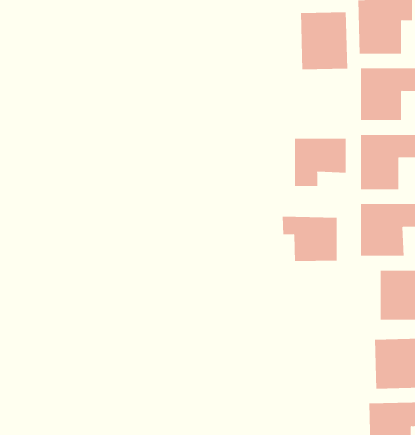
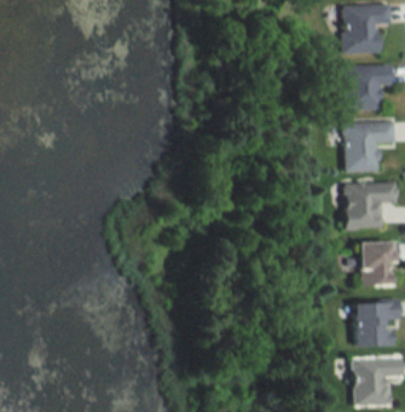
building: [300,12,348,70] -> none
building: [295,138,346,187] -> none
building: [282,216,337,262] -> none

